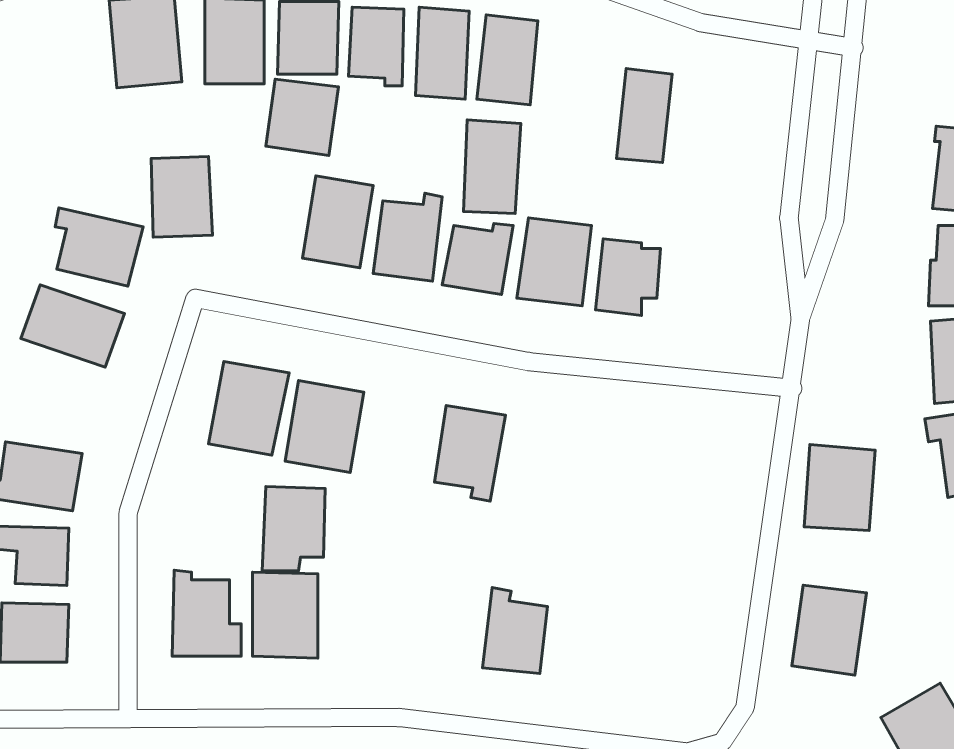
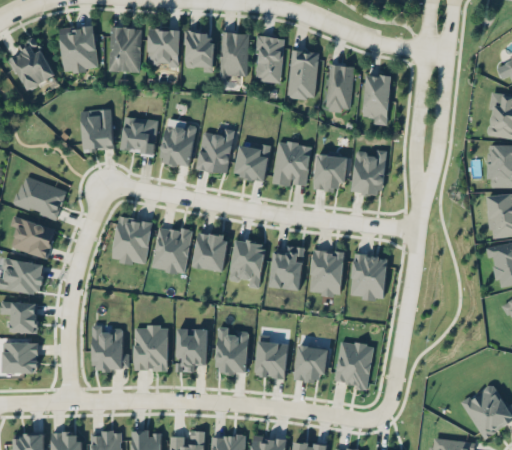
building: none -> [10,36,55,90]
building: [266,79,338,156] -> [120,116,158,156]
building: none -> [361,73,391,124]
building: [463,120,521,213] -> [288,50,318,99]
building: [55,208,143,286] -> [10,217,56,258]
building: none -> [351,149,386,195]
building: none -> [193,232,227,272]
building: none -> [269,245,305,290]
building: none -> [308,249,345,296]
building: [804,444,875,531] -> [350,254,387,299]
building: [262,486,325,571] -> [175,328,208,372]
building: none -> [216,327,248,373]
building: [792,585,866,675] -> [334,341,373,388]
building: none -> [293,345,327,383]

